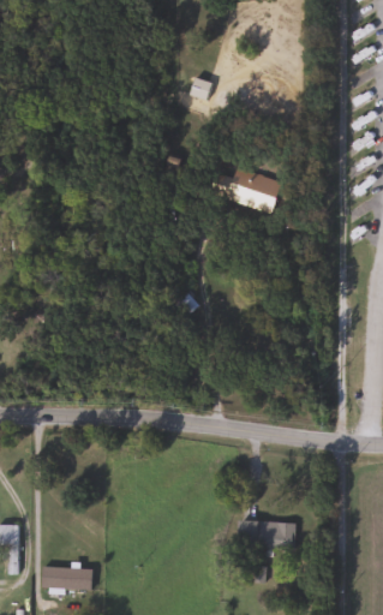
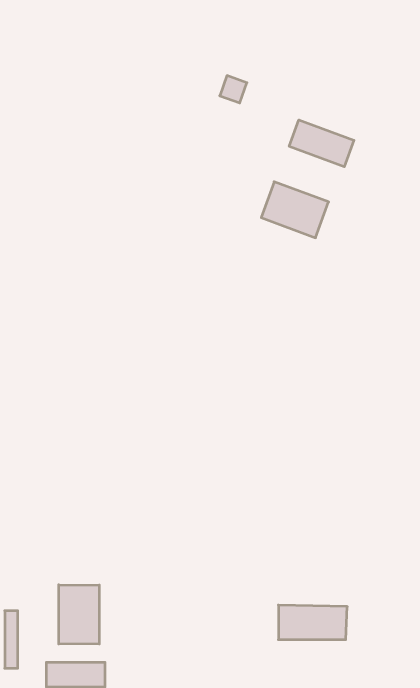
building: none -> [289,120,354,167]
building: none -> [59,585,99,644]

